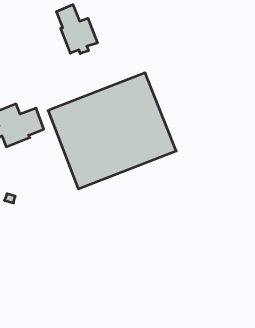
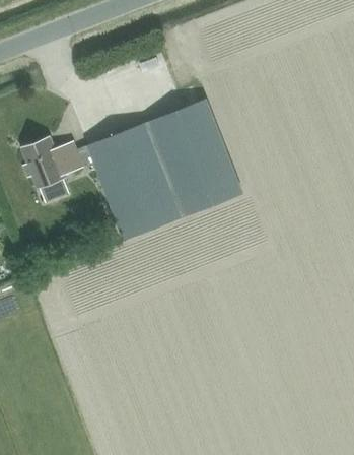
building: [56,5,97,54] -> none

